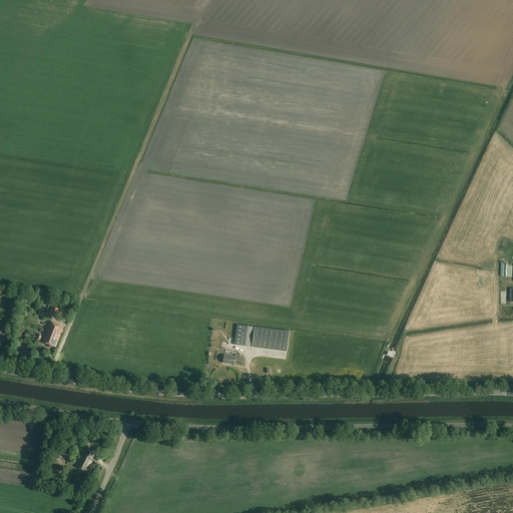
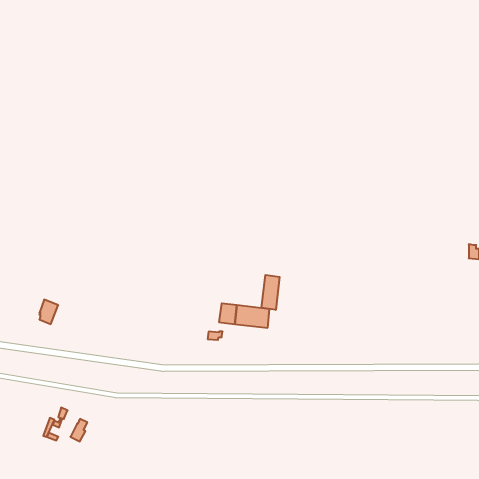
building: none -> [262,275,280,310]

